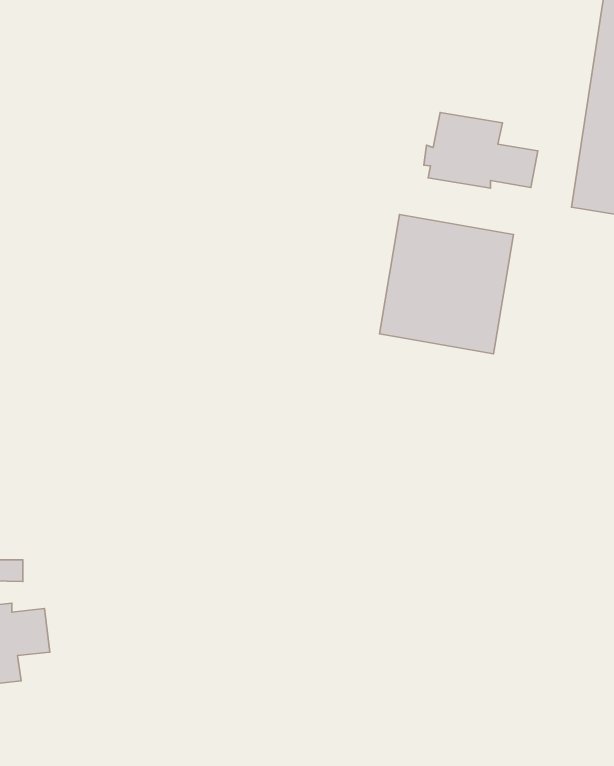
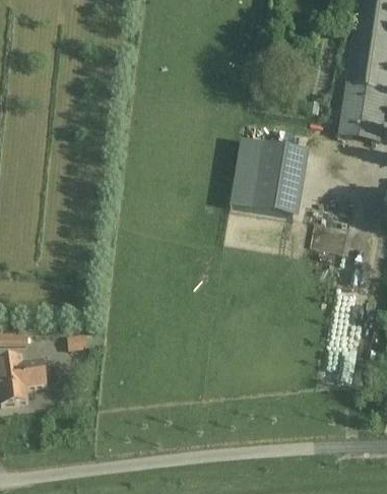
building: [424,113,538,188] -> none

